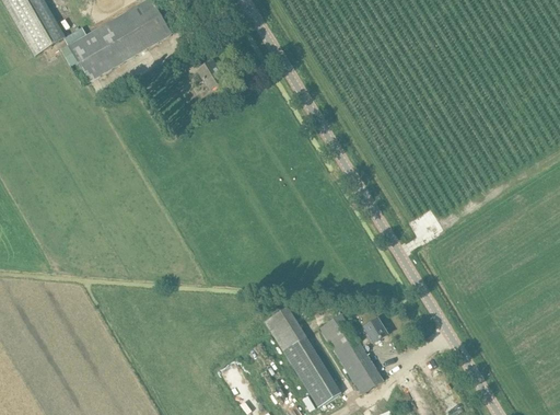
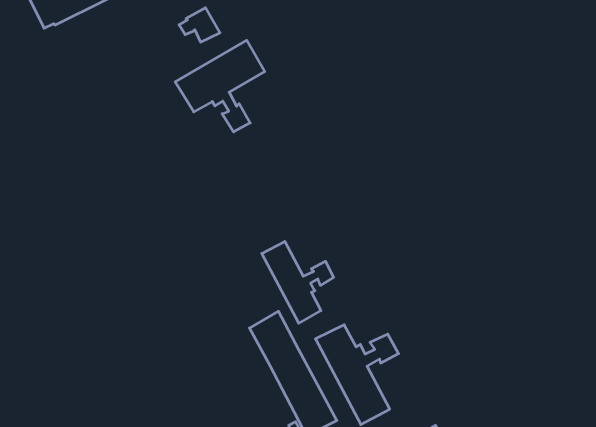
building: none -> [175,40,265,132]
building: none -> [262,241,334,323]

